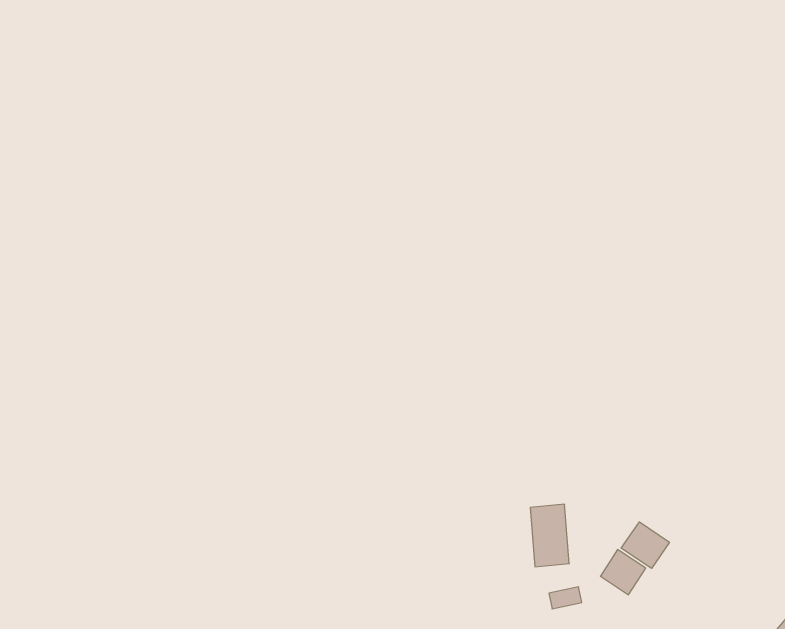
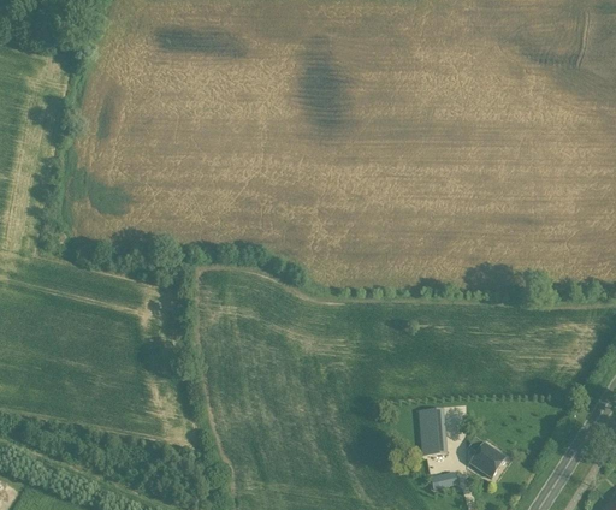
building: [621,522,669,568] -> none

